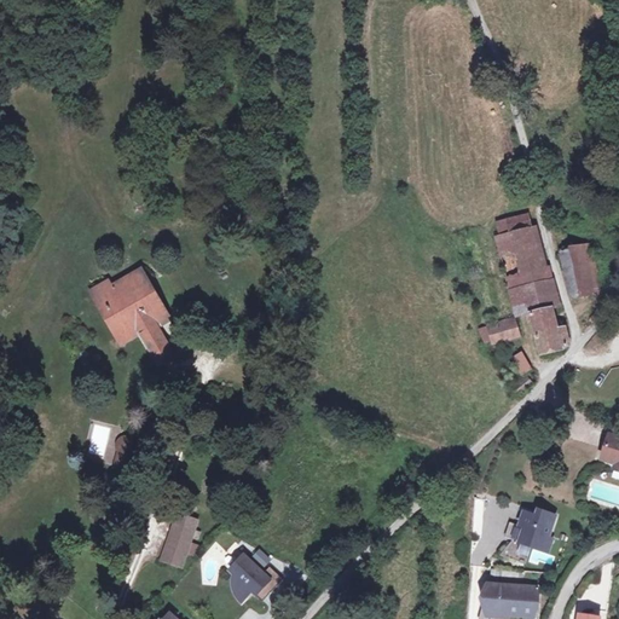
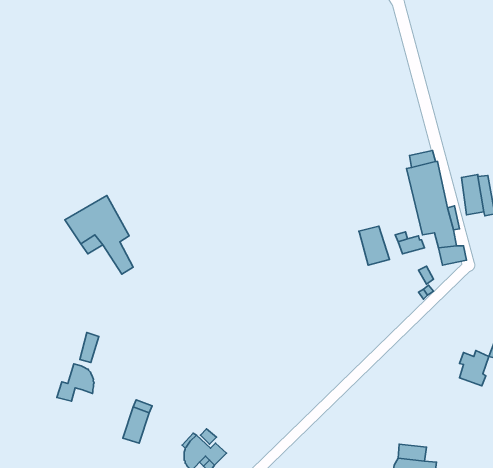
building: none -> [359,226,389,265]
building: none -> [57,364,94,401]
building: [520,510,555,553] -> [460,351,489,386]

